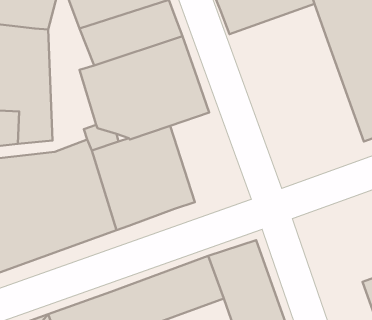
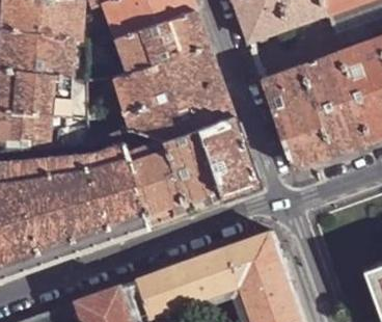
building: none -> [263,52,374,168]
building: none -> [194,114,255,197]

